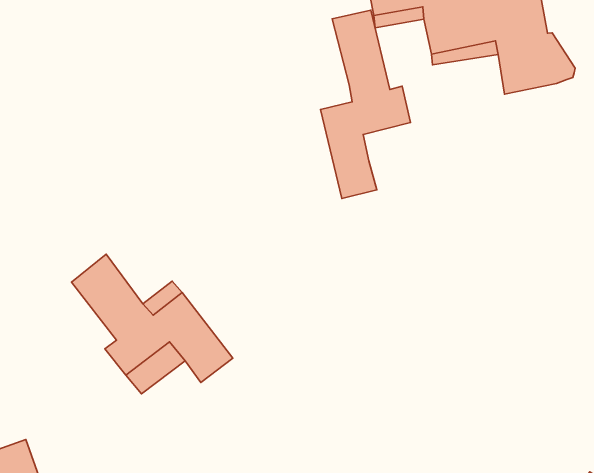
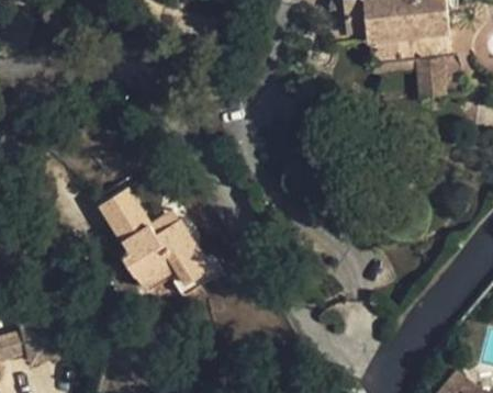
building: [320,10,411,199] -> none

